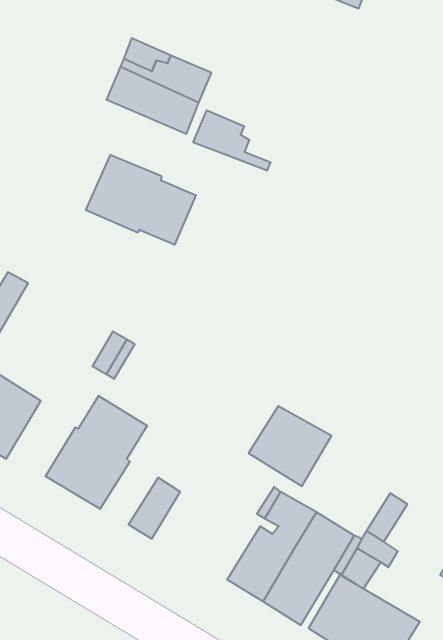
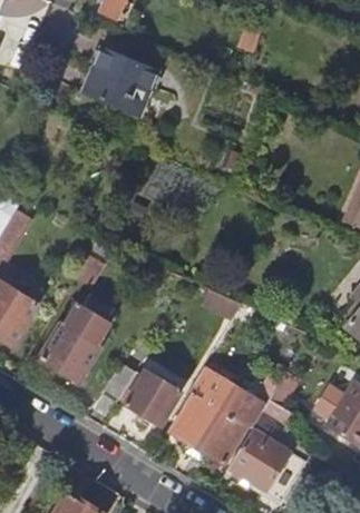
building: [193,110,271,171] -> none
building: [86,155,196,245] -> none
building: [249,406,332,486] -> [123,369,182,426]

